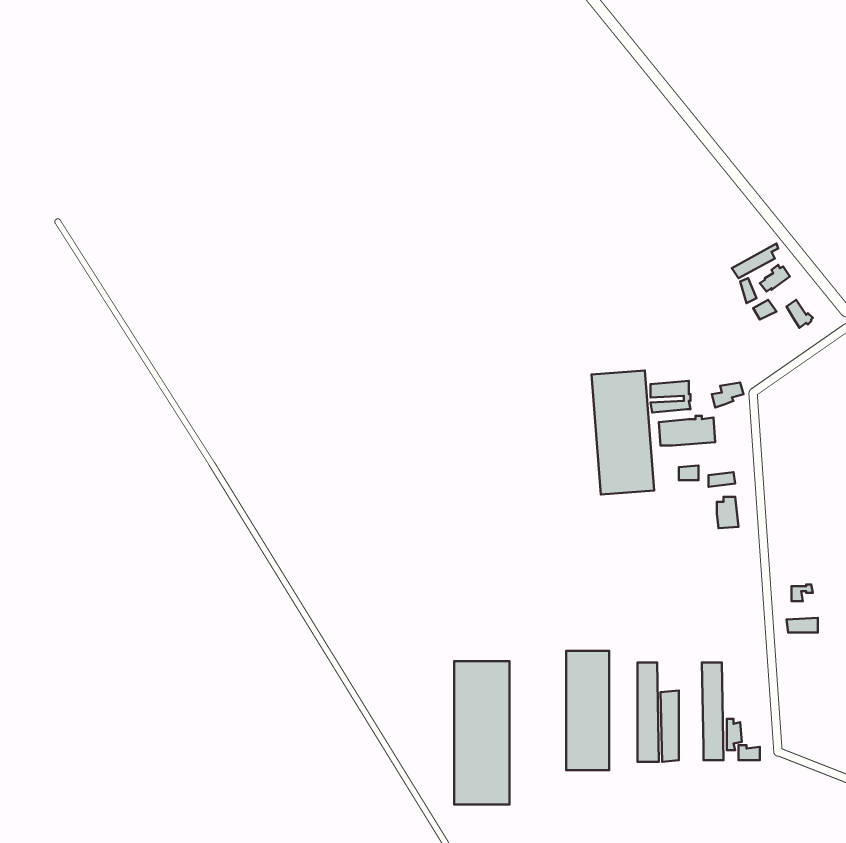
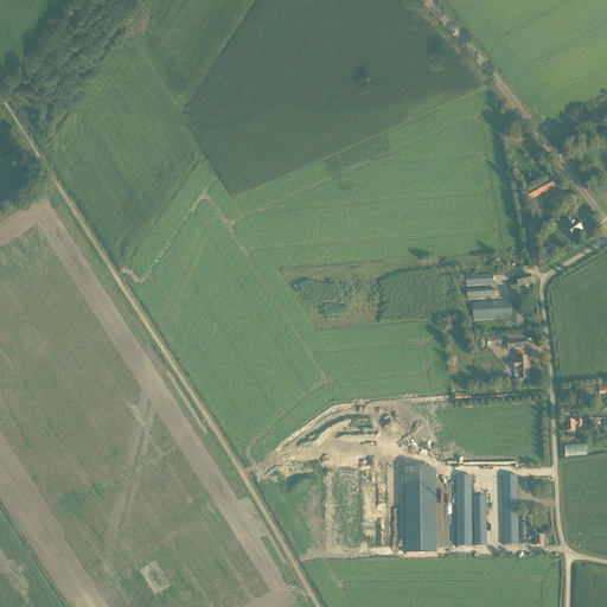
building: [591,370,654,495] -> none
building: [454,661,510,804] -> none

